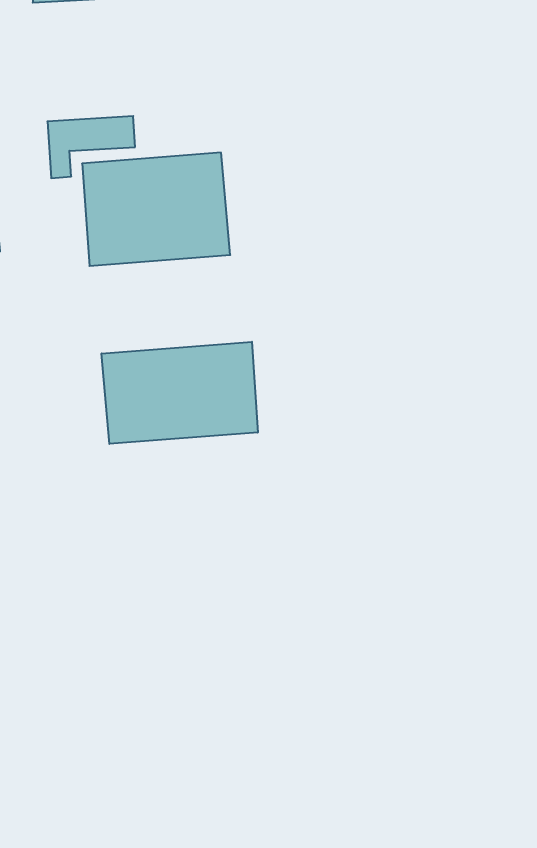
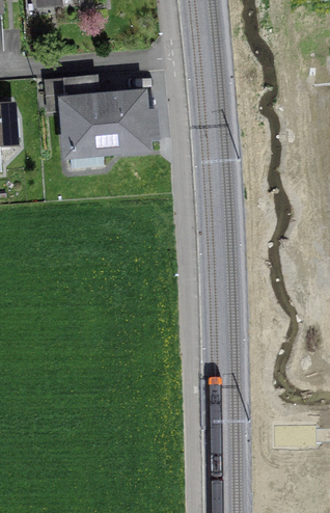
building: [102,342,258,444] -> none

